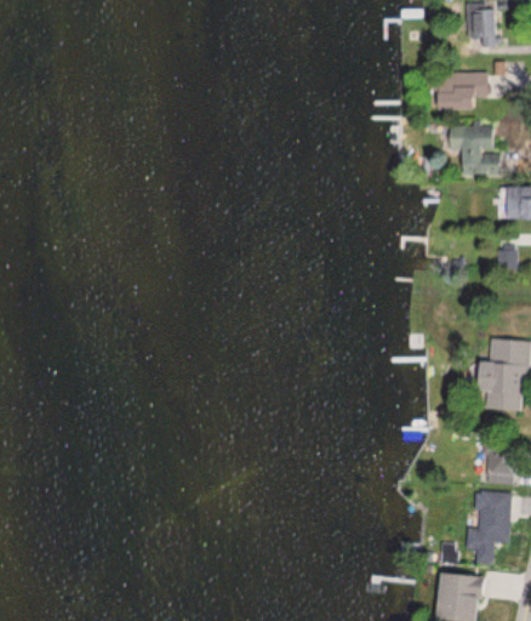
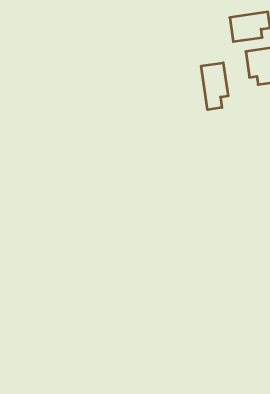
building: none -> [201,63,228,110]

